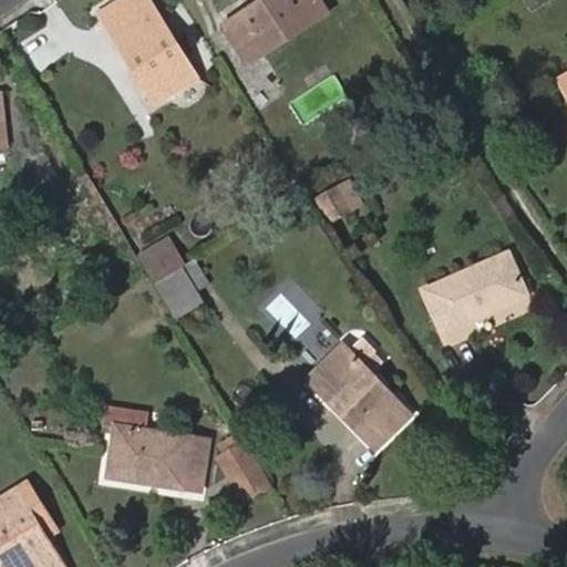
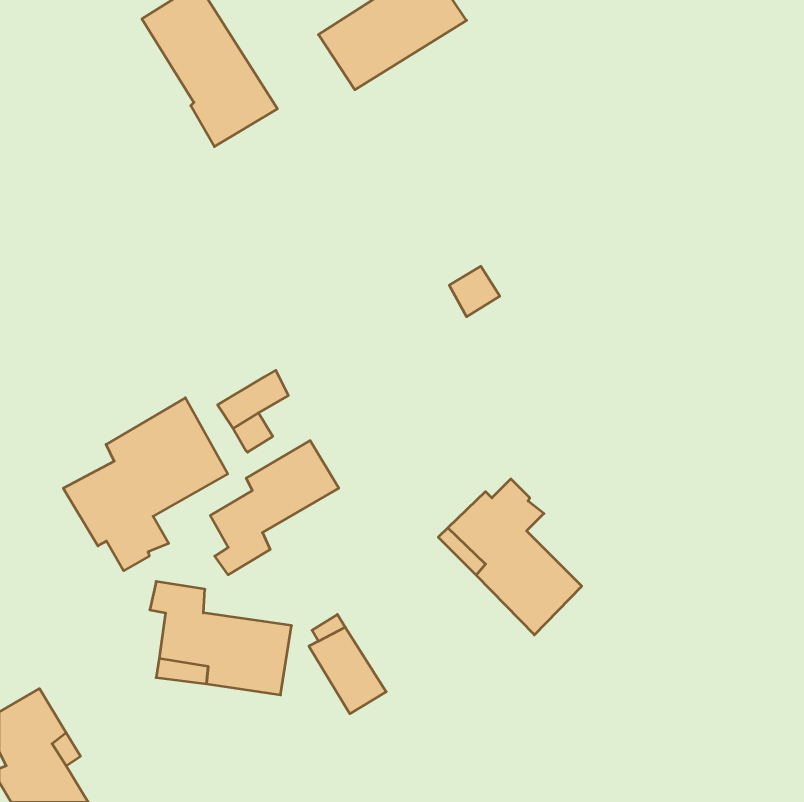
building: [135,236,186,285] -> none
building: [426,256,524,329] -> none
building: none -> [63,398,228,571]
building: none -> [210,441,339,575]

